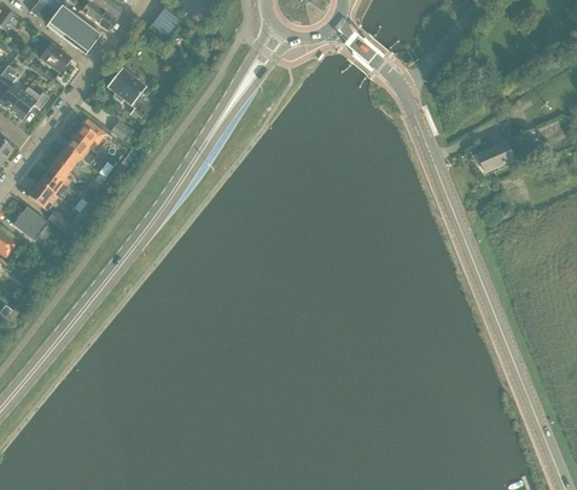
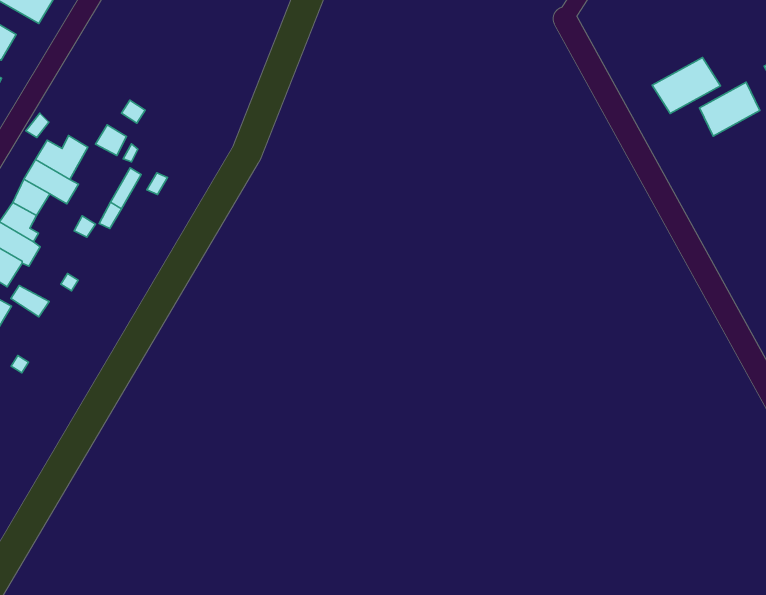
building: [107,68,144,103] -> none
building: none -> [652,57,720,113]

